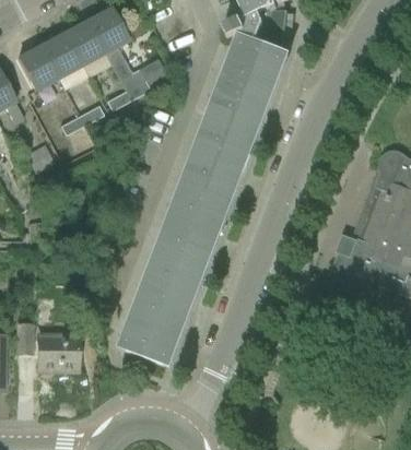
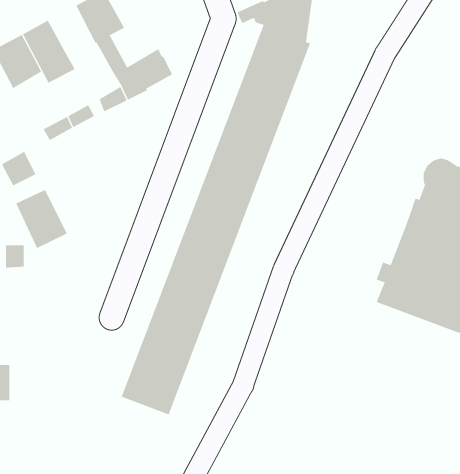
building: [63,22,103,66] -> none
building: none -> [15,189,67,249]
building: [37,336,77,370] -> none

